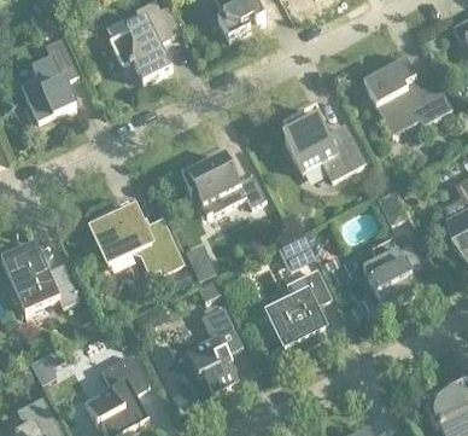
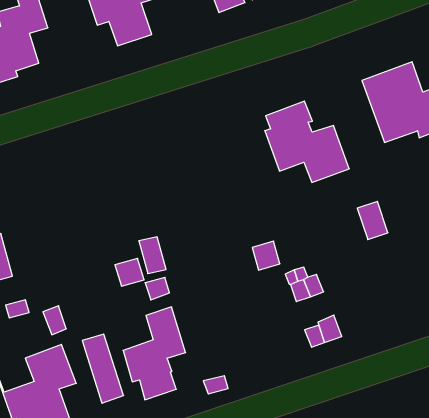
building: [181,153,265,215] -> none
building: [90,200,181,271] -> none
building: [362,231,417,307] -> none
building: [267,269,329,350] -> none

